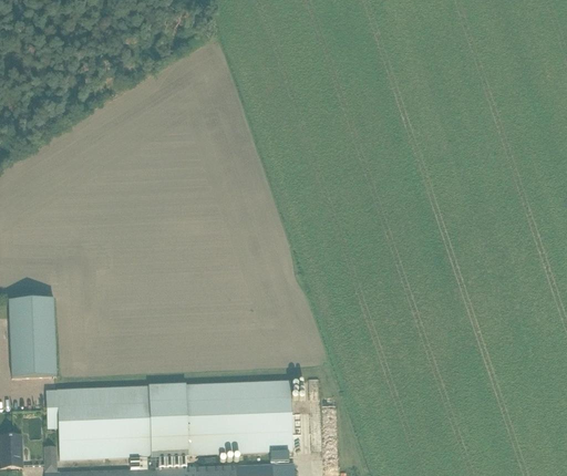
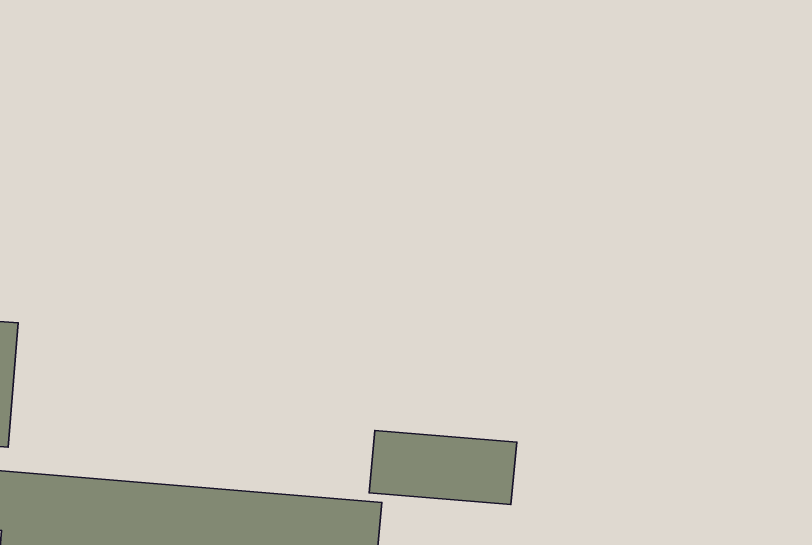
building: none -> [369,430,517,505]

